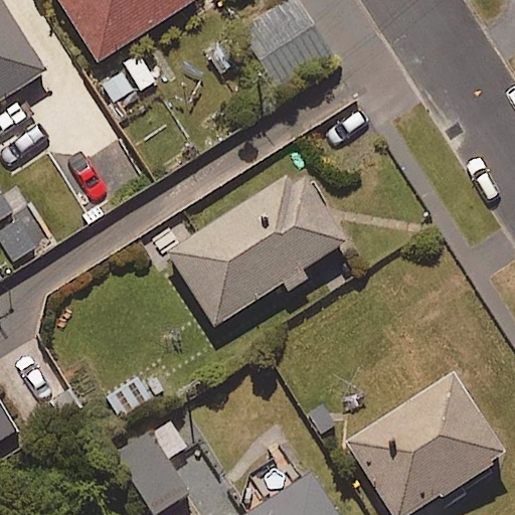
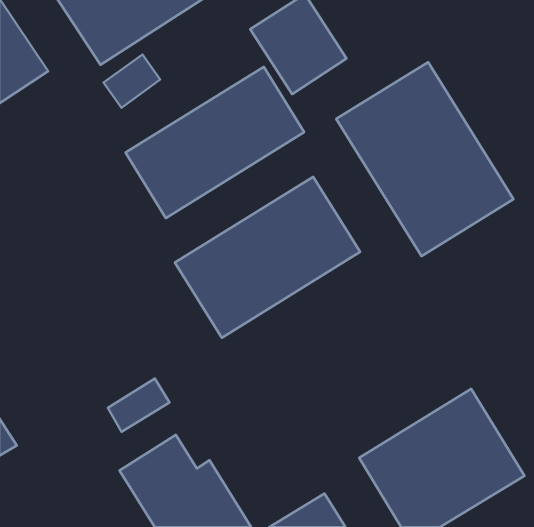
building: none -> [336,62,513,256]
building: none -> [126,67,304,218]

